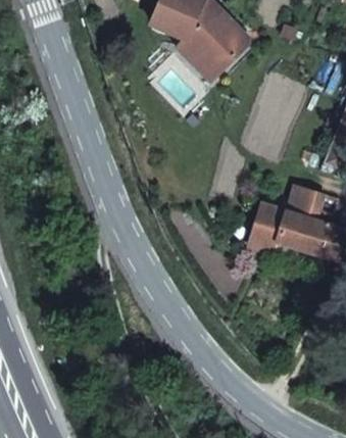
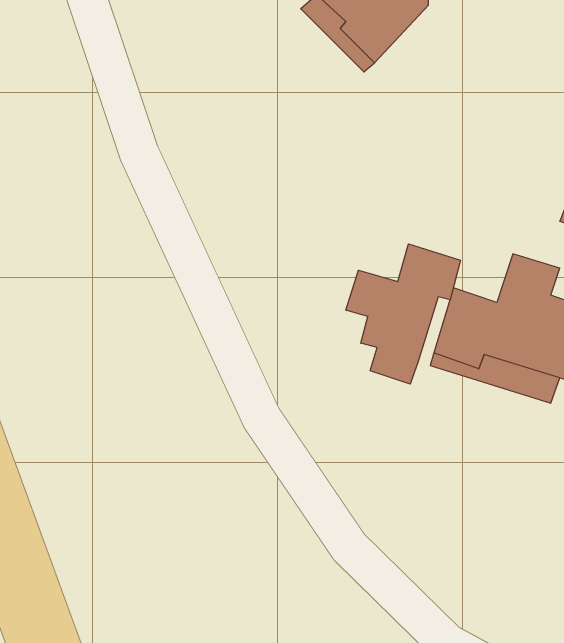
building: none -> [346,244,460,384]

